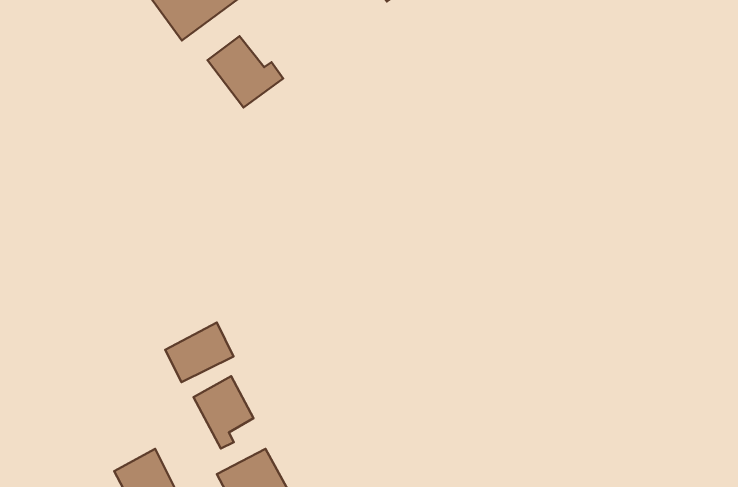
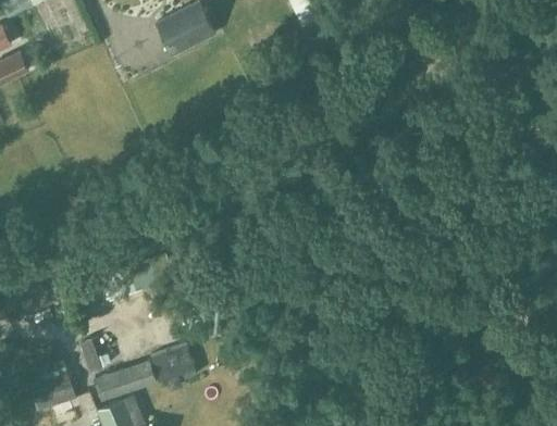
building: [207,36,283,107] -> none
building: [194,376,254,449] -> none

